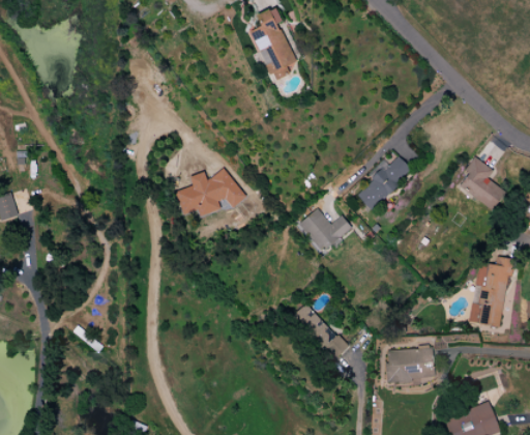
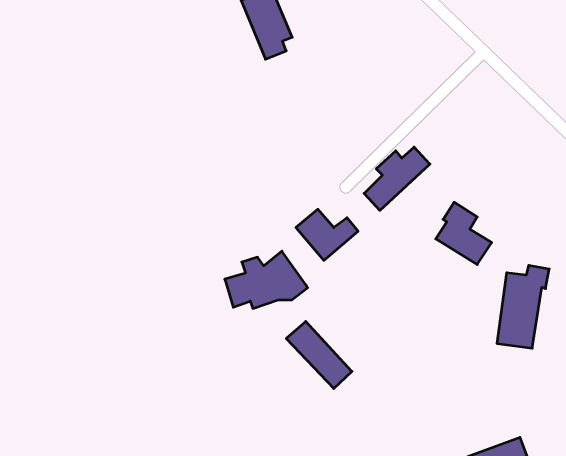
building: [459,157,506,210] -> [436,202,492,265]
building: [176,168,246,216] -> [225,251,308,308]
building: [386,347,437,384] -> none

